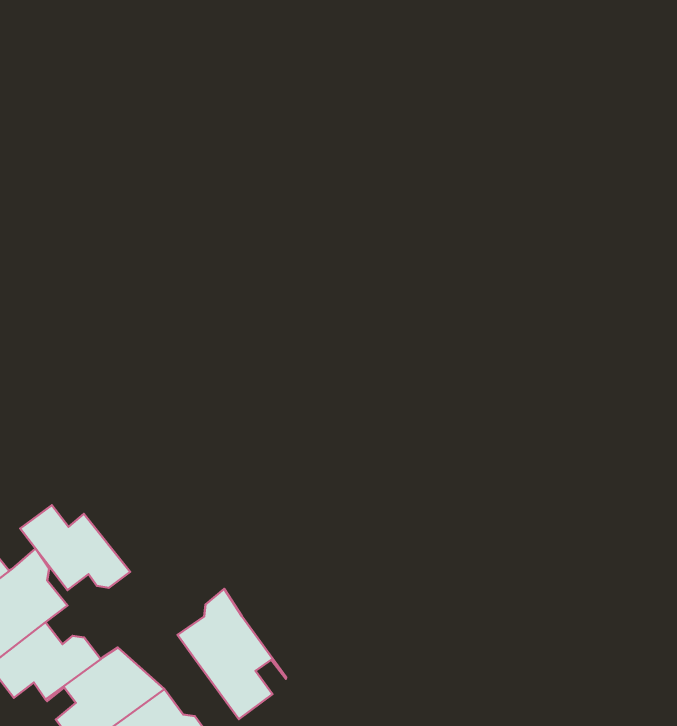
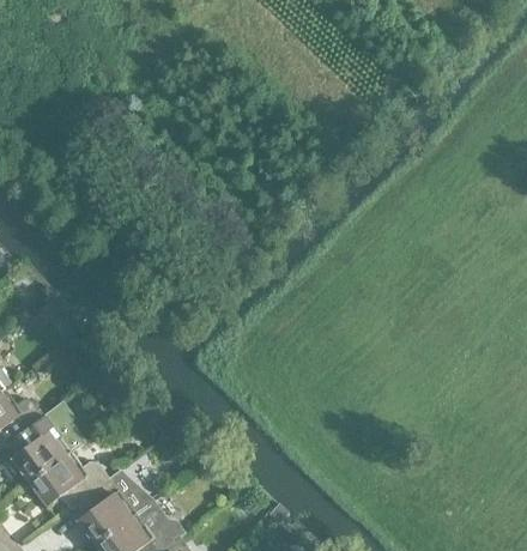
building: [20,505,130,590] -> none
building: [178,589,286,719] -> none

